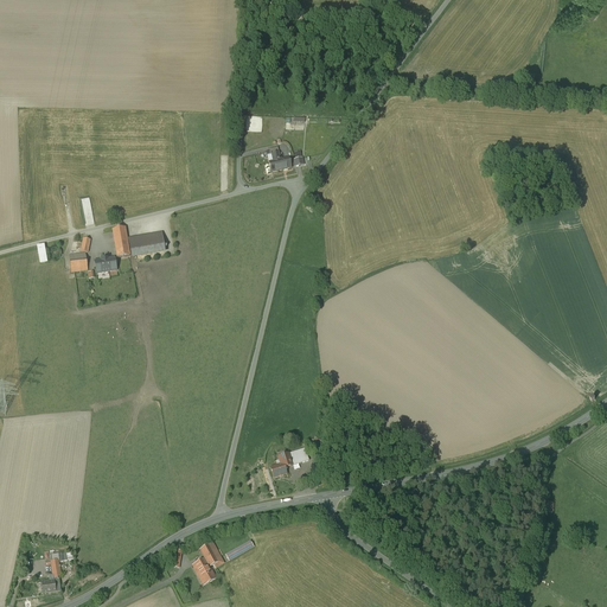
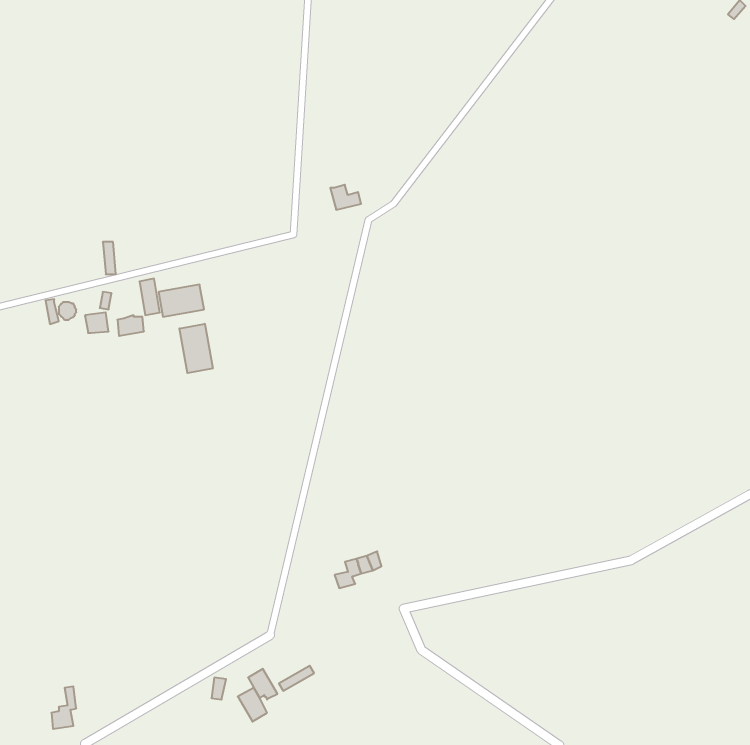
building: none -> [179,324,213,373]

